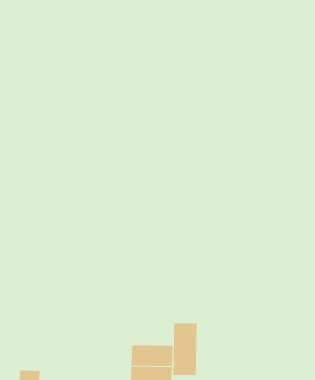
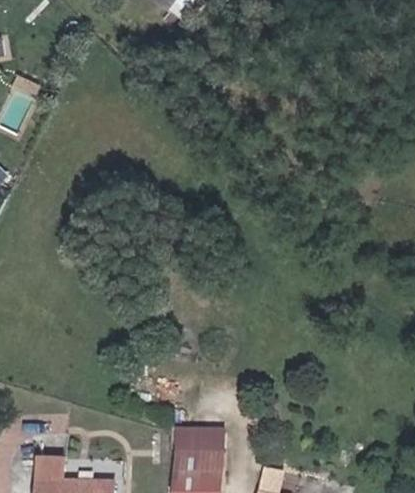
building: [173,323,197,376] -> none

